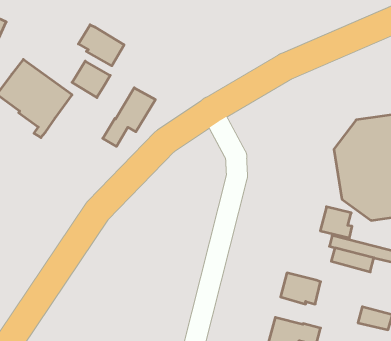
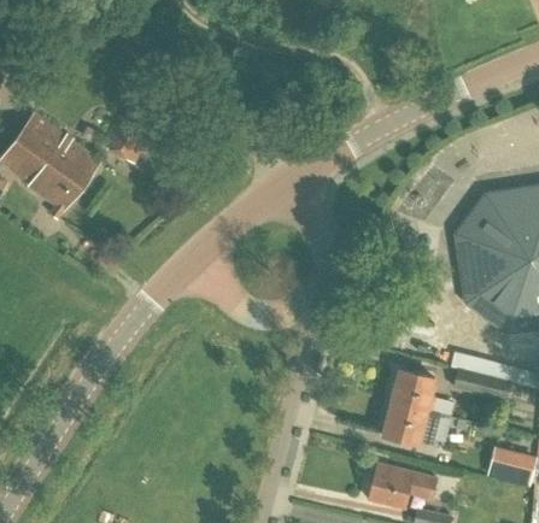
building: [78,25,124,66] -> none
building: [103,88,155,146] -> none
building: [320,207,352,238] -> [392,370,435,412]

